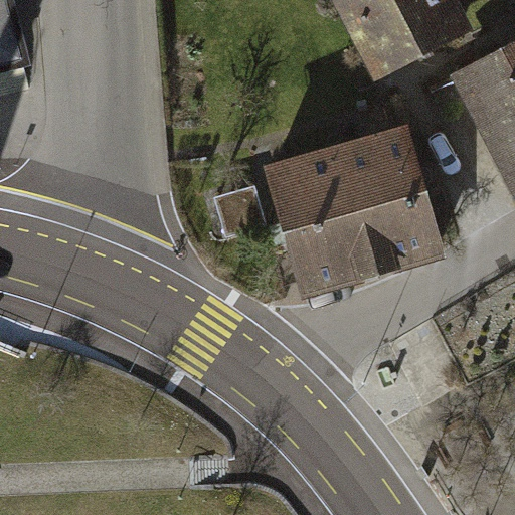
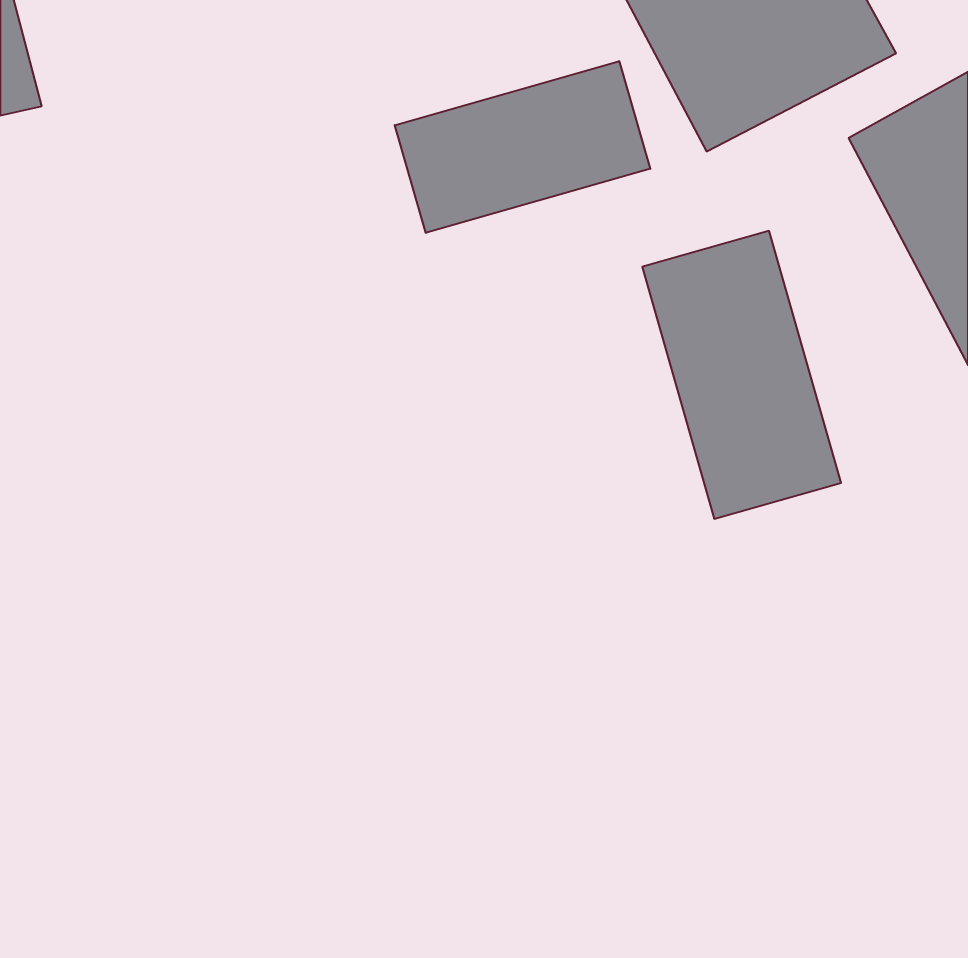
building: none -> [395,61,650,233]
building: [264,142,379,298] -> none

